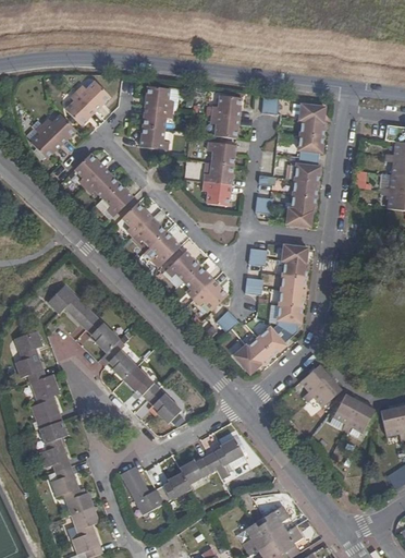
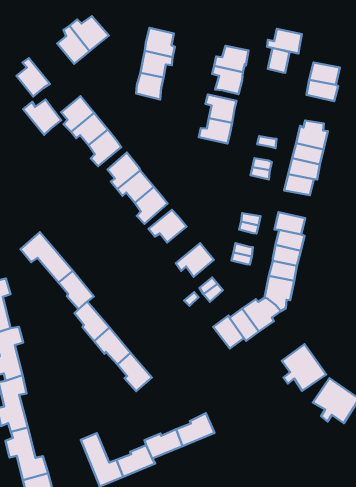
building: none -> [267,29,302,54]
building: [38,113,74,146] -> [23,100,61,135]
building: [296,133,324,158] -> none
building: [200,182,230,206] -> none
building: [183,266,213,301] -> none

